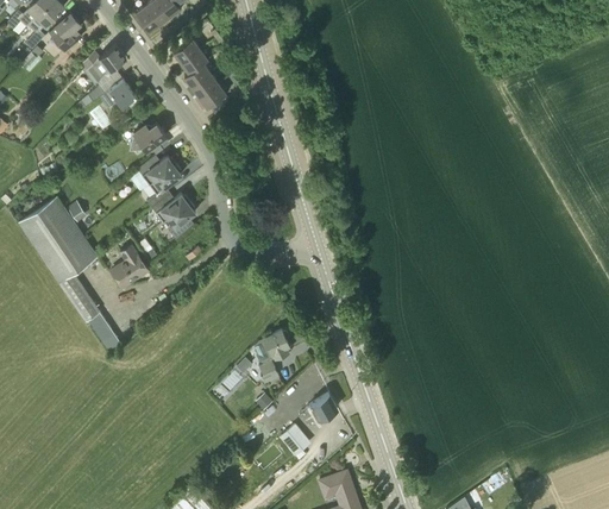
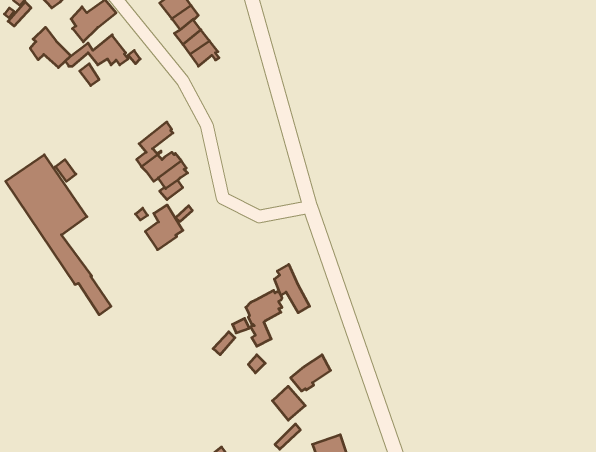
building: none -> [30,27,71,68]
building: [133,124,167,152] -> none
building: [138,156,177,186] -> none
building: [111,244,147,288] -> [145,205,183,250]
building: none -> [274,264,310,313]

